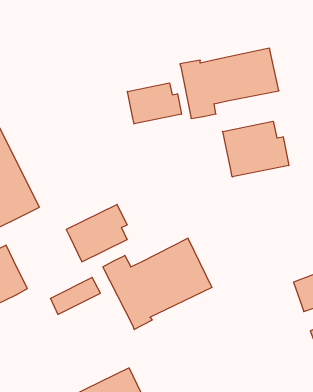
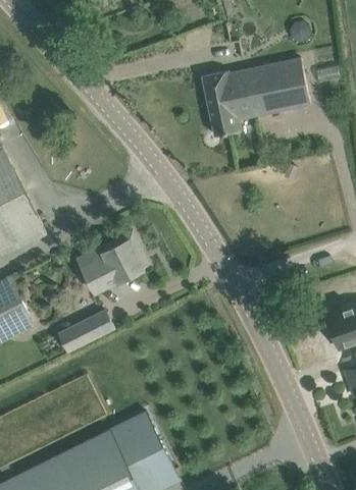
building: [127,83,181,124] -> none
building: [223,121,289,177] -> none
building: [103,238,212,330] -> none

